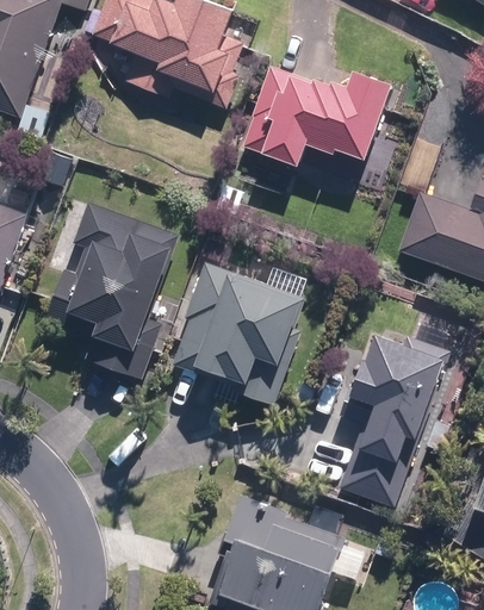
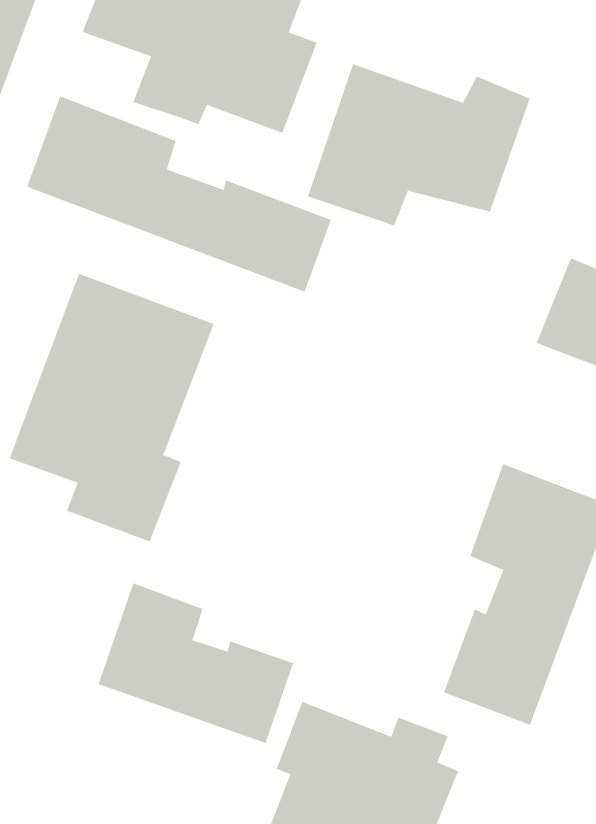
building: none -> [26,95,332,293]
building: [165,263,308,404] -> none
building: none -> [98,583,294,744]

